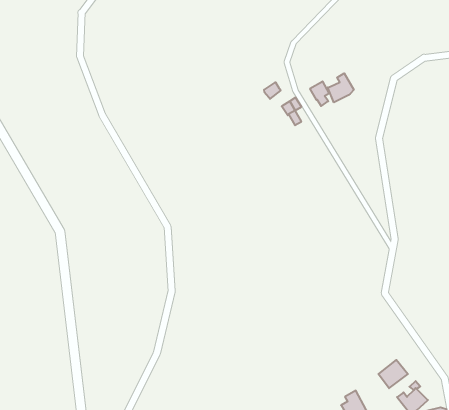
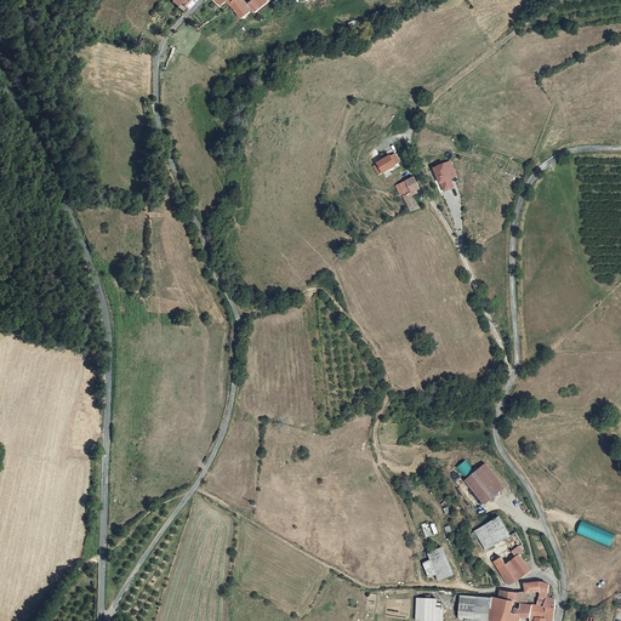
building: [328,73,354,102] -> none
building: none -> [462,463,503,506]

